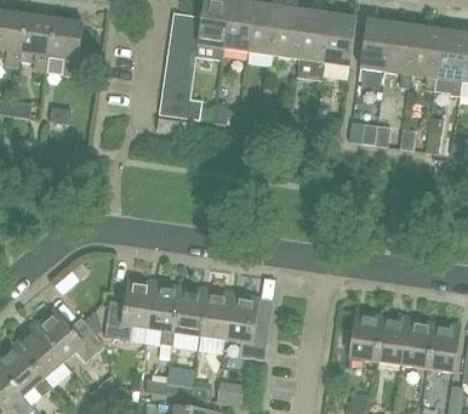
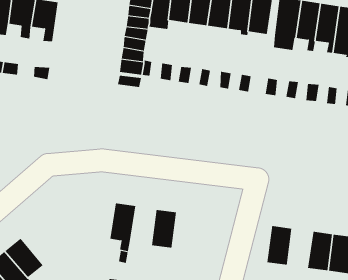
building: [104,277,154,339] -> none
building: [173,284,206,335] -> none
building: [227,293,269,359] -> none
building: [33,307,103,361] -> none
building: [375,313,407,364] -> none

